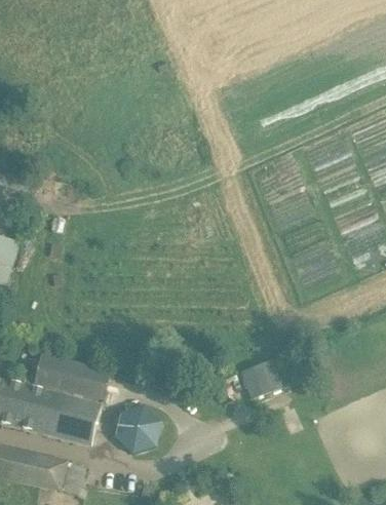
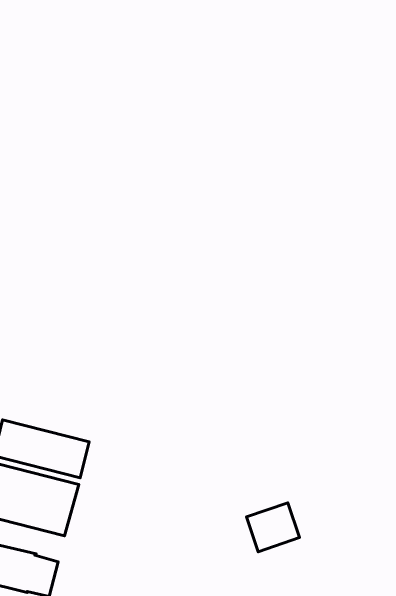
building: [240,359,282,398] -> [247,503,300,552]
building: [108,405,158,453] -> none

